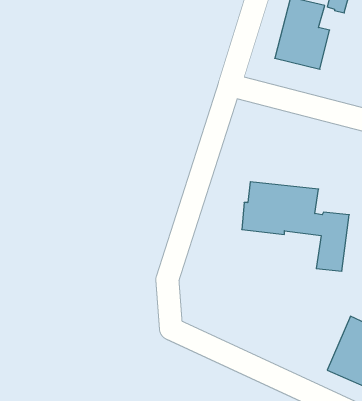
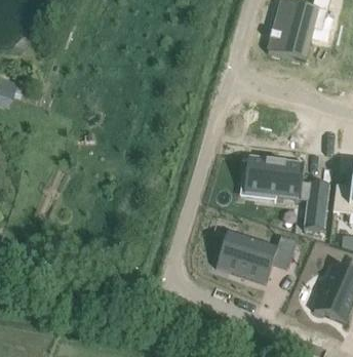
building: none -> [215,230,297,281]

